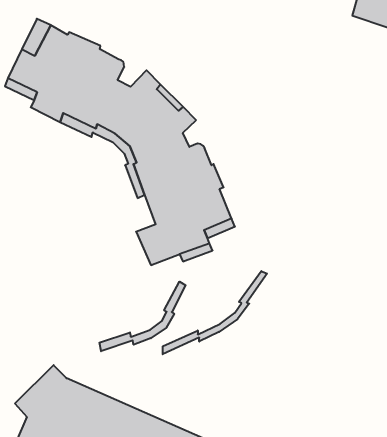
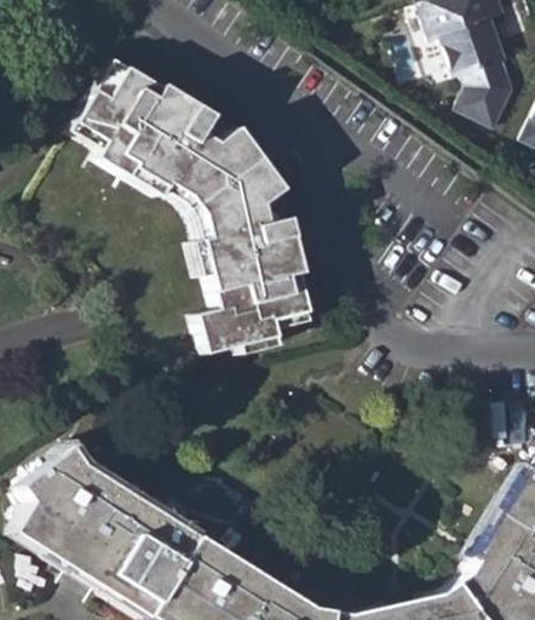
building: [163,271,267,354] -> none
building: [99,282,186,351] -> none

